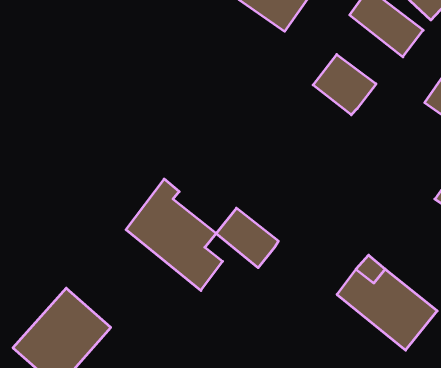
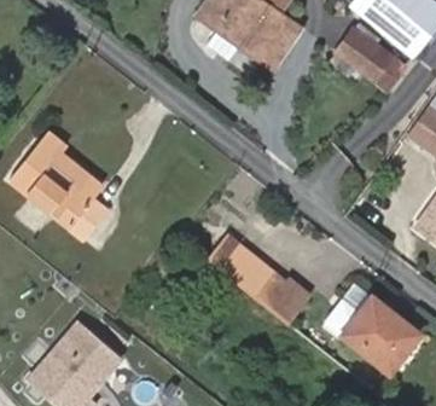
building: [313,54,376,115] -> none
building: [126,179,223,291] -> [14,132,106,238]
building: none -> [250,273,304,323]

